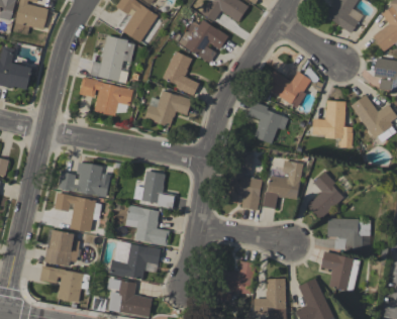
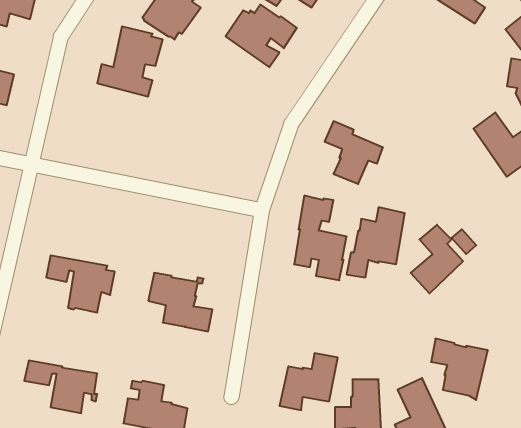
building: [163,50,199,95] -> none
building: [264,70,311,107] -> none
building: [80,77,133,114] -> none
building: [144,90,192,126] -> none
building: [313,100,353,147] -> none
building: [58,162,109,197] -> none
building: [133,171,177,209] -> none
building: [327,218,371,251] -> none
building: [44,229,75,265] -> none
building: [110,240,161,279] -> none

